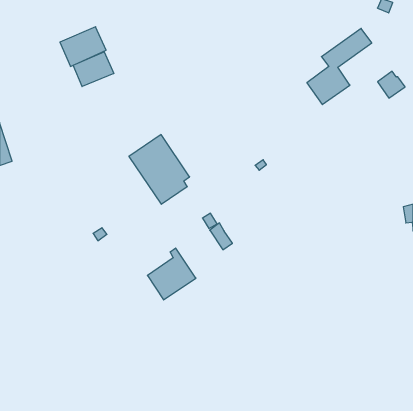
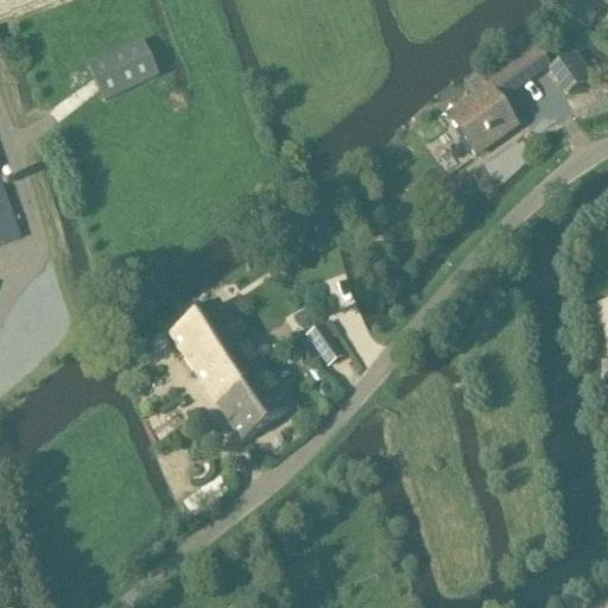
building: [73,52,114,87] -> none
building: [378,71,405,98] -> [549,52,589,91]
building: [129,135,190,204] -> [169,302,258,404]

